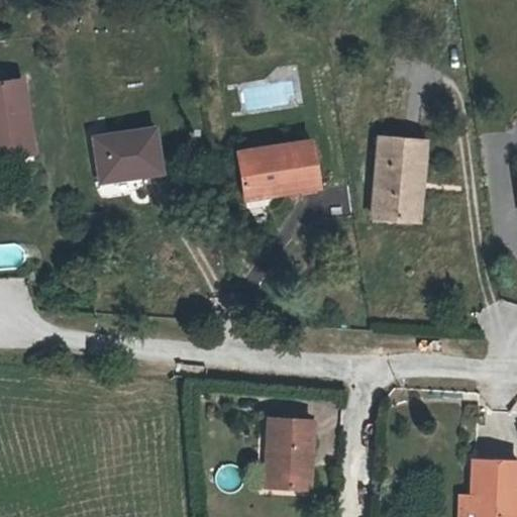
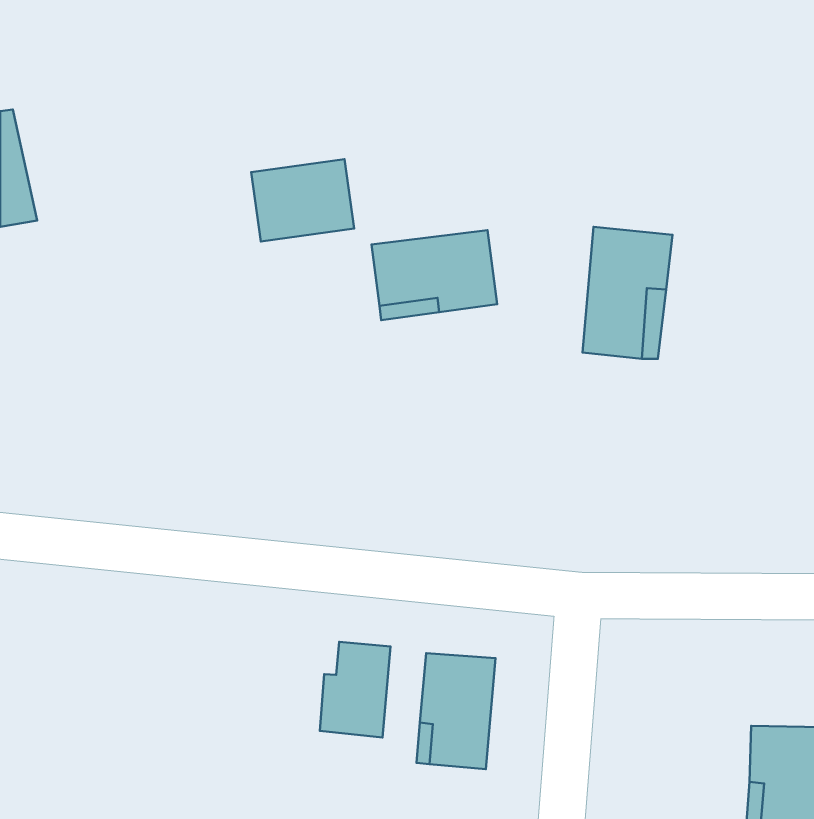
building: [94,124,159,176] -> [251,159,354,241]
building: none -> [320,642,391,737]

